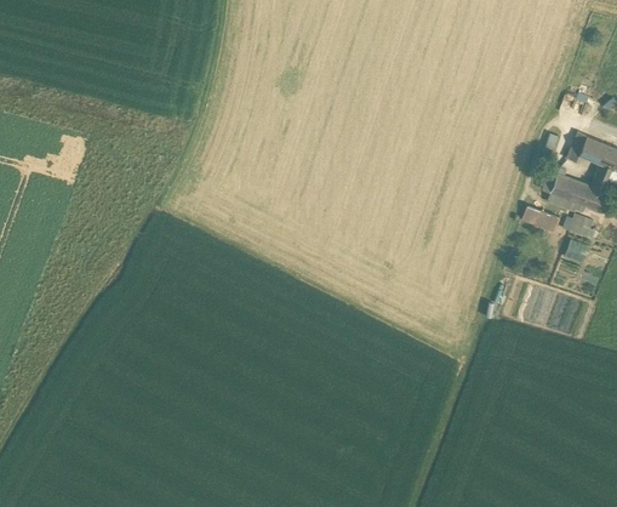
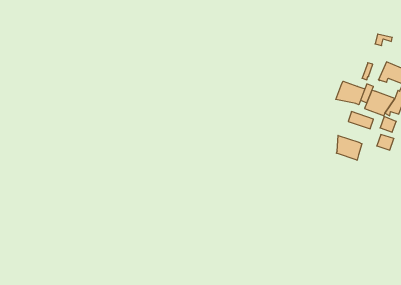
building: none -> [336,81,365,105]
building: none -> [336,135,362,160]

